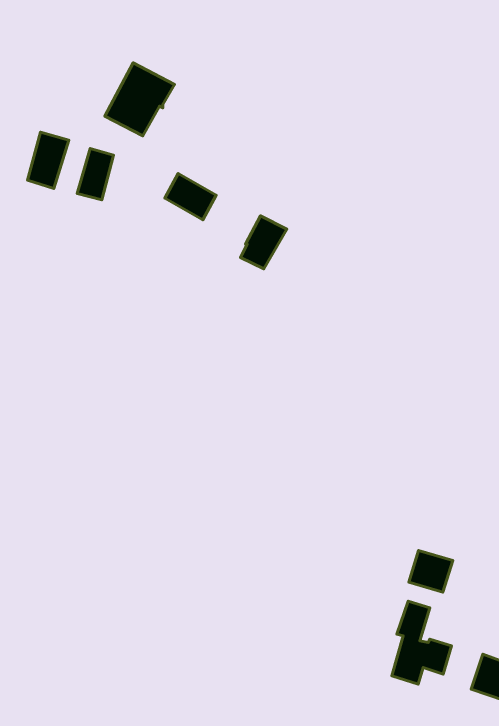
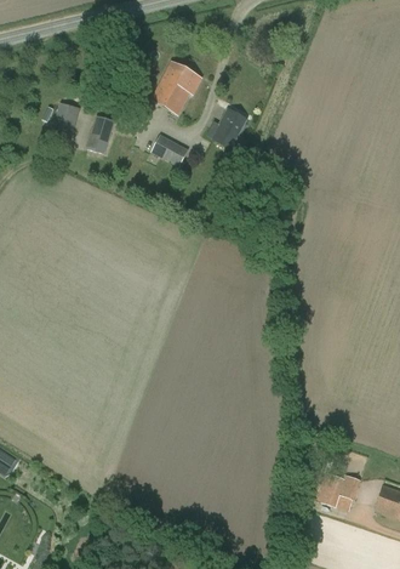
building: [105,63,174,136] -> [150,62,201,115]
building: [241,216,287,269] -> [212,109,246,148]
building: [409,551,453,592] -> none

